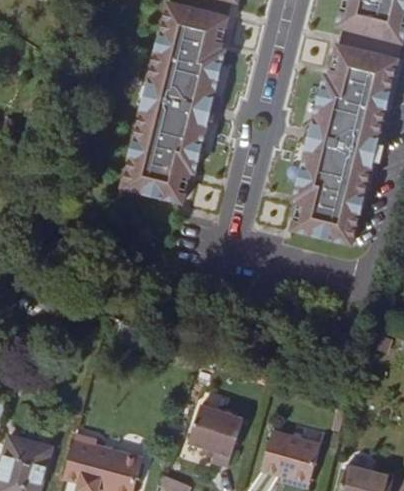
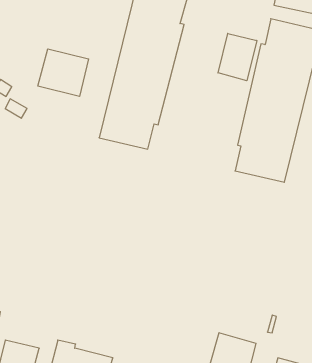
building: none -> [218,33,257,81]
building: none -> [38,49,89,96]
building: [187,406,244,454] -> none

